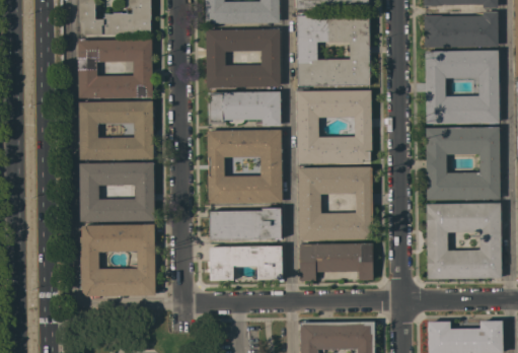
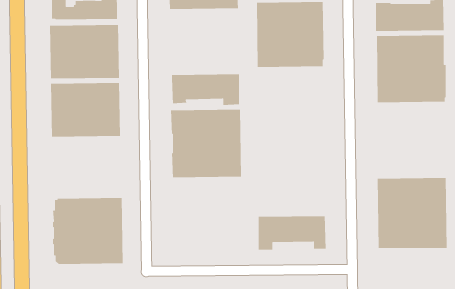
building: [206,29,281,87] -> none
building: [297,91,372,163] -> none
building: [426,128,501,201] -> none
building: [80,162,155,222] -> none
building: [298,167,373,240] -> none
building: [210,208,282,240] -> none
building: [208,246,282,281] -> none

